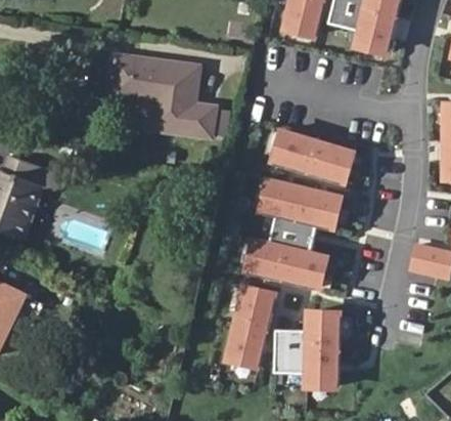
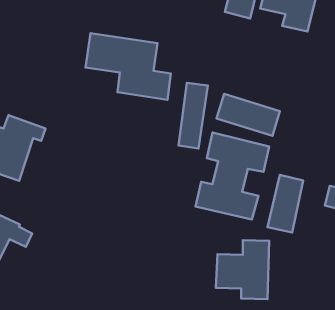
building: none -> [178,83,208,149]
building: none -> [268,175,303,233]
building: [225,287,274,366] -> none

